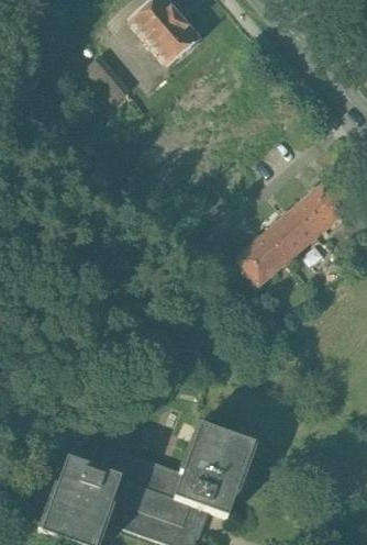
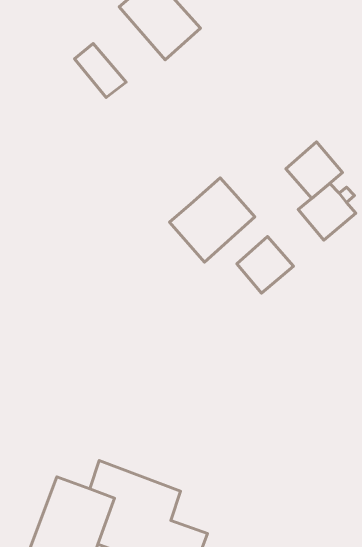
building: none -> [170,178,255,262]
building: [264,208,316,260] -> [286,142,342,198]
building: [174,424,254,516] -> none

